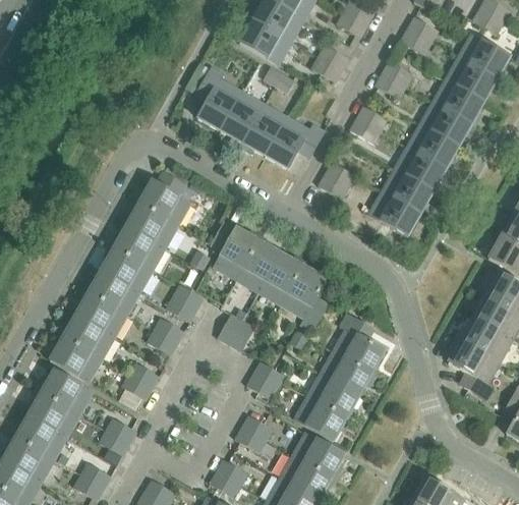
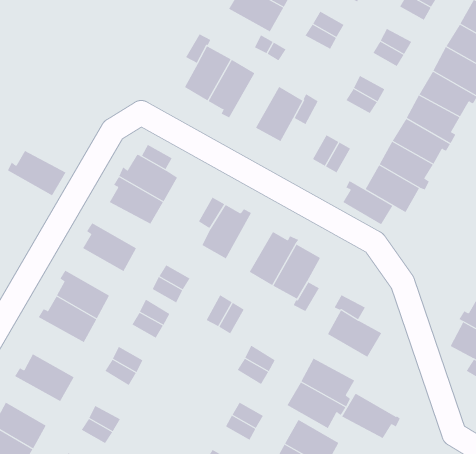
building: [240,104,287,156] -> none
building: none -> [343,180,393,225]
building: [110,226,166,270] -> [7,150,66,196]
building: [237,236,281,292] -> none
building: [84,270,140,315] -> none
building: [50,335,103,383] -> none
building: [320,351,376,395] -> [341,393,400,439]
building: [28,391,80,438] -> none

